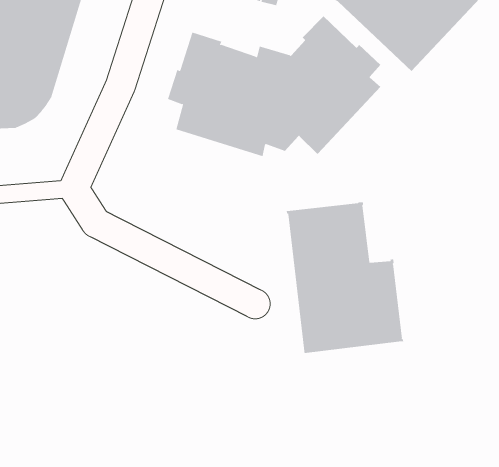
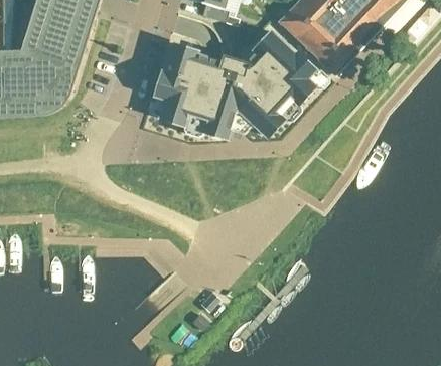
building: [286,202,404,354] -> none

